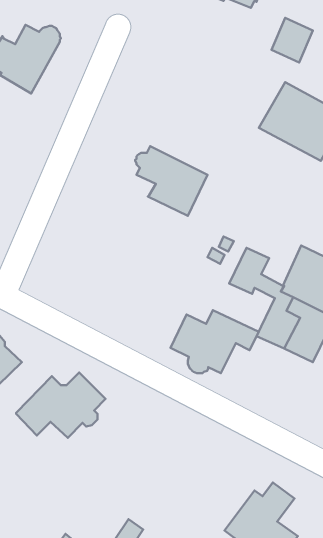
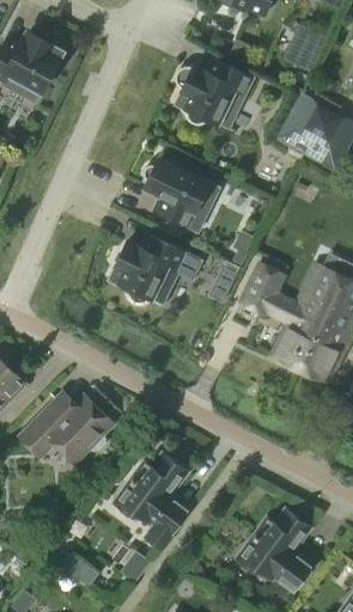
building: none -> [176,61,254,128]
building: [171,310,259,373] -> [110,237,202,302]
building: none -> [115,453,190,549]

